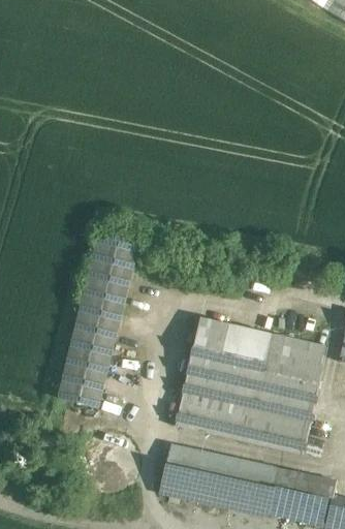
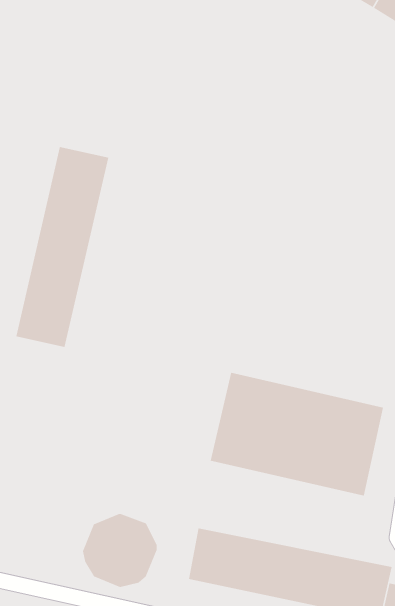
building: [56,236,135,406] -> [15,147,109,348]
building: [174,393,313,460] -> none

